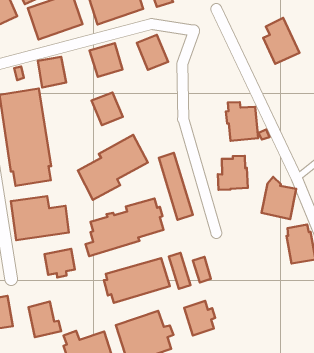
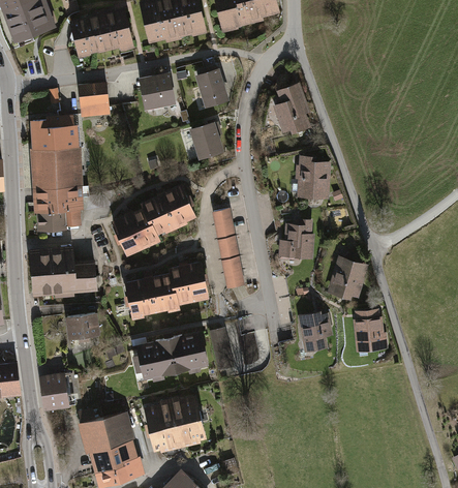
building: [263,18,300,64] -> [271,83,312,136]
building: [92,93,123,125] -> [189,122,224,159]
building: none -> [297,309,332,350]
building: [184,301,215,336] -> none

